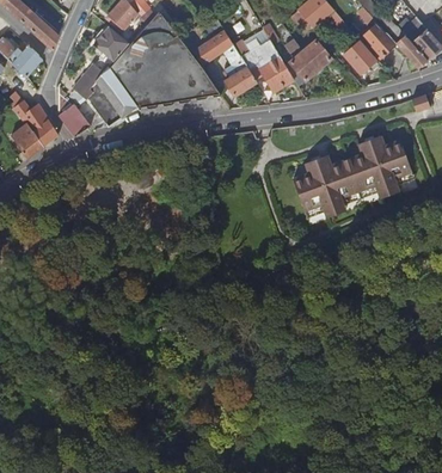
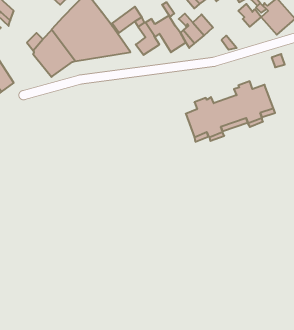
building: [91,29,125,63] -> none
building: [344,42,376,75] -> none
building: [59,105,90,137] -> none

